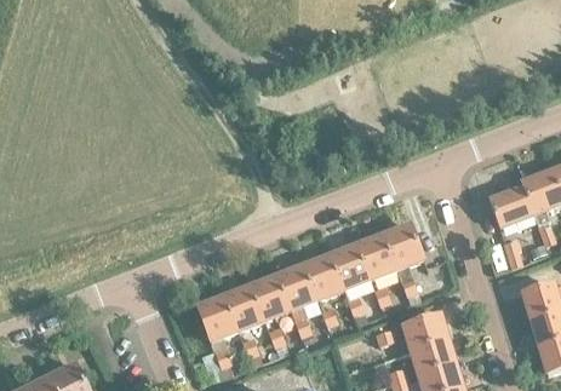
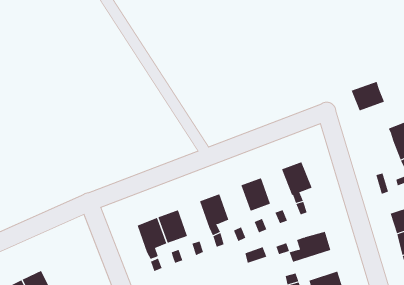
building: [488,186,532,225] -> [351,81,385,111]
building: [357,234,396,278] -> none
building: [304,254,343,299] -> none
building: [251,275,290,320] -> none
building: [410,338,456,376] -> none

